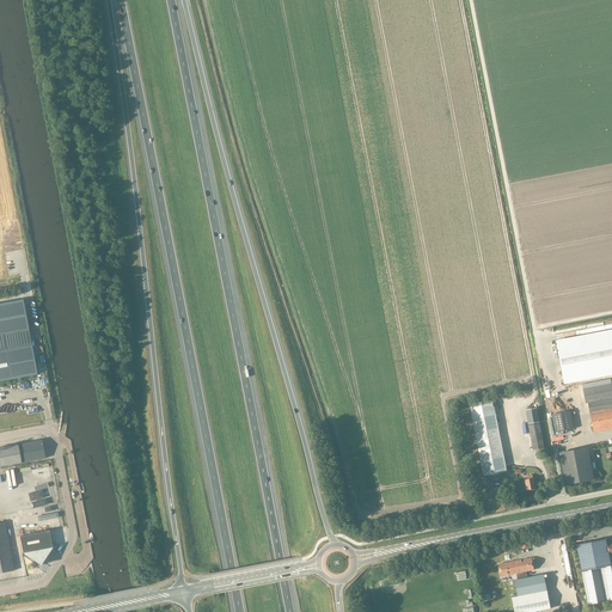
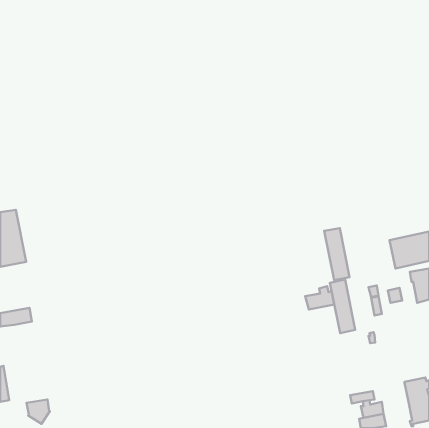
building: none -> [324,228,350,280]
building: none -> [305,286,334,310]
building: [559,447,594,483] -> none
building: [19,530,53,564] -> [26,399,50,424]

